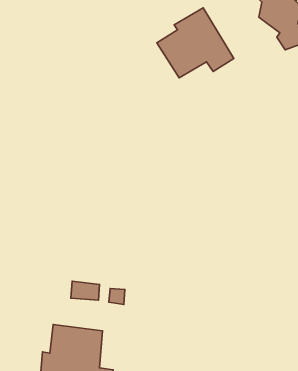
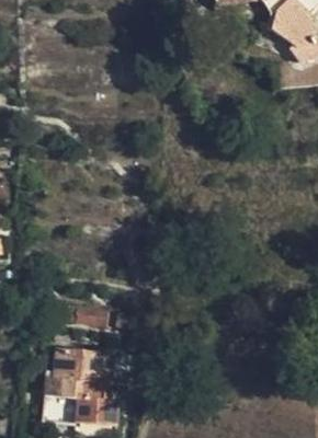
building: [157,8,234,78] -> none

